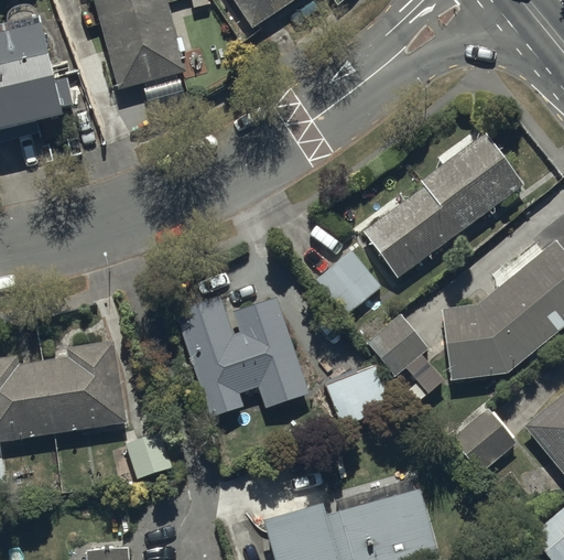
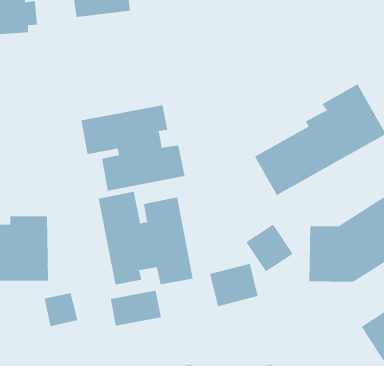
building: none -> [81,104,185,191]
building: [316,250,381,316] -> none
building: [452,410,514,473] -> none
building: none -> [110,290,161,326]

